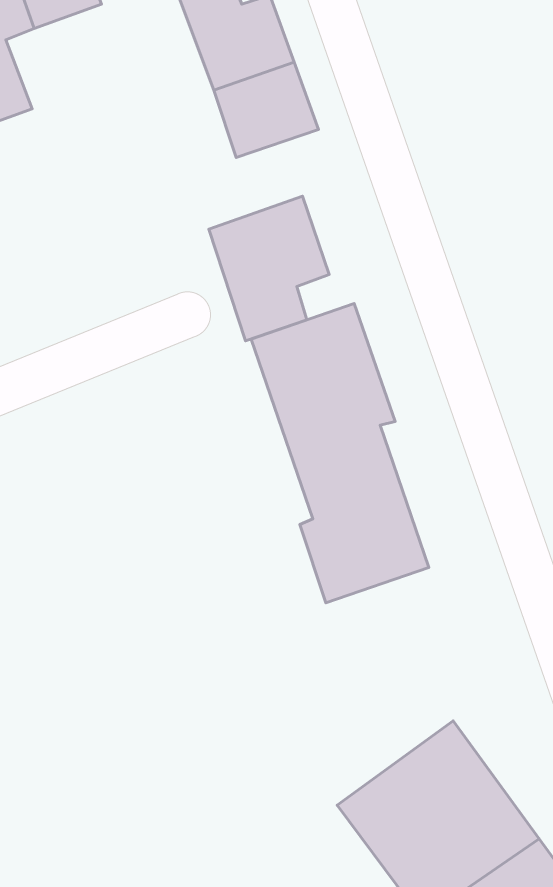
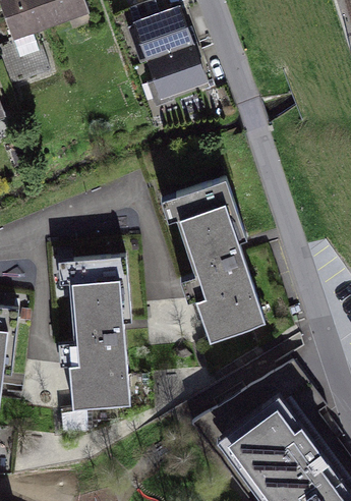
building: [209,196,329,341] -> none
building: none -> [67,257,131,409]

